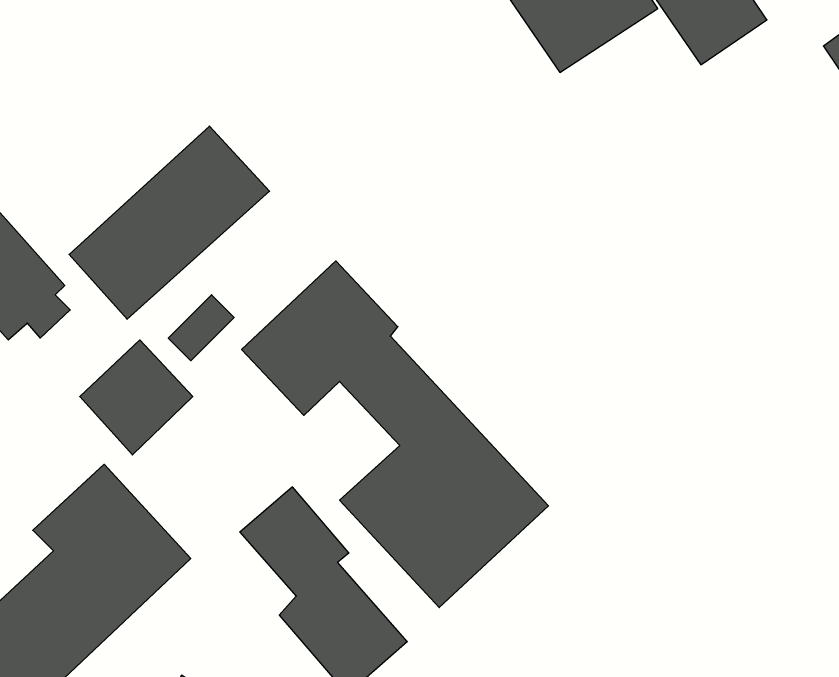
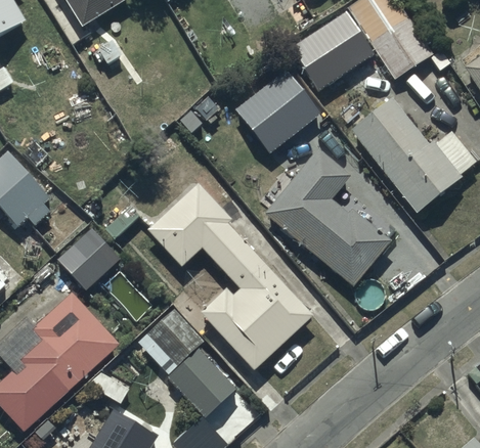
building: none -> [234,61,321,146]
building: none -> [350,99,463,216]
building: [69,126,270,319] -> none
building: none -> [263,148,391,288]

